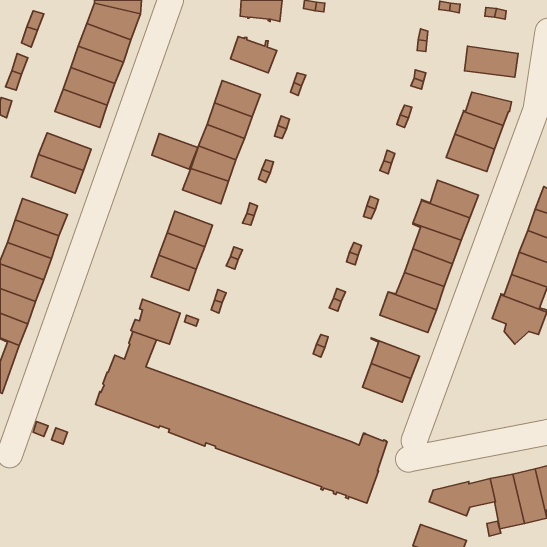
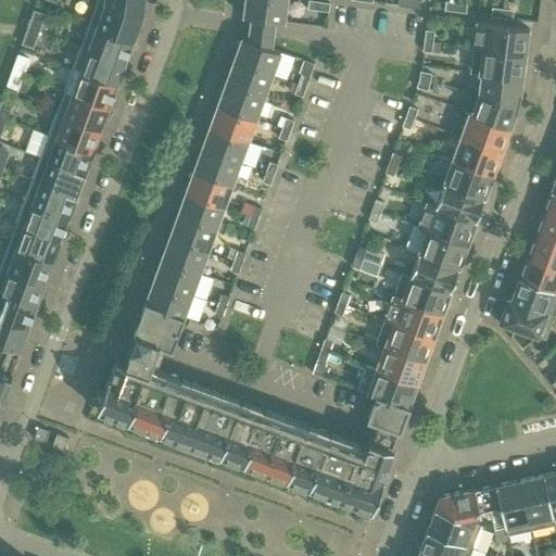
building: none -> [475,23,529,55]
building: none -> [226,61,273,97]
building: none -> [471,73,522,104]
building: none -> [49,114,102,152]
building: [152,134,198,169] -> [178,193,225,229]
building: none -> [444,161,494,199]
building: none -> [24,180,77,218]
building: none -> [146,281,192,318]
building: none -> [377,320,434,362]
building: none -> [368,393,408,430]
building: none -> [427,509,475,548]

